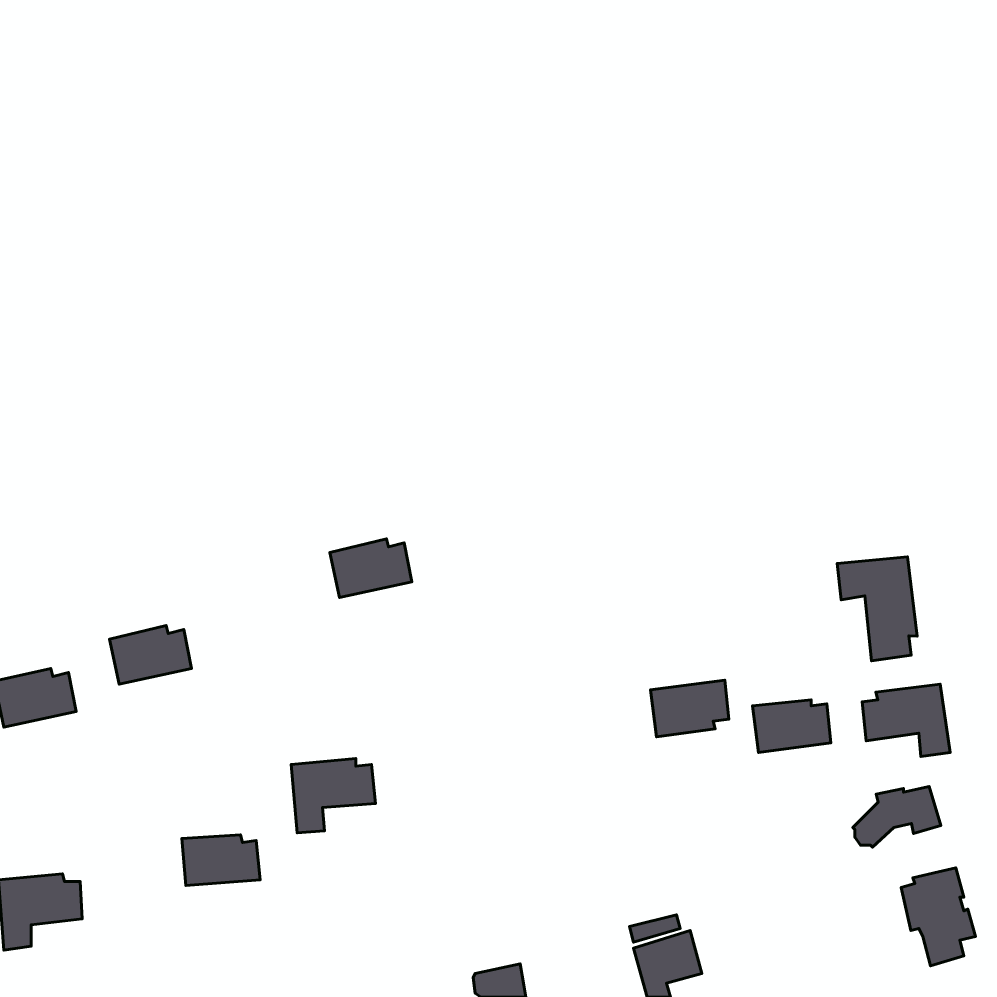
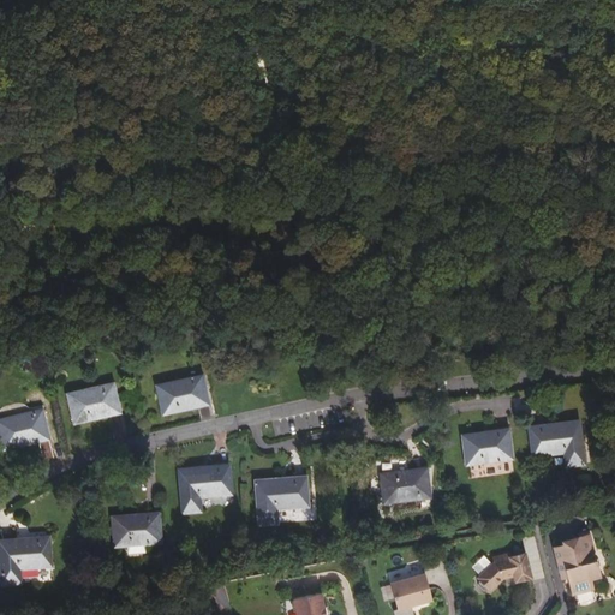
building: [330,539,412,598] -> [156,376,207,412]
building: [837,557,917,661] -> none
building: [651,680,729,737] -> [381,467,429,502]
building: none -> [255,477,308,524]
building: [853,786,941,847] -> [477,551,531,589]

